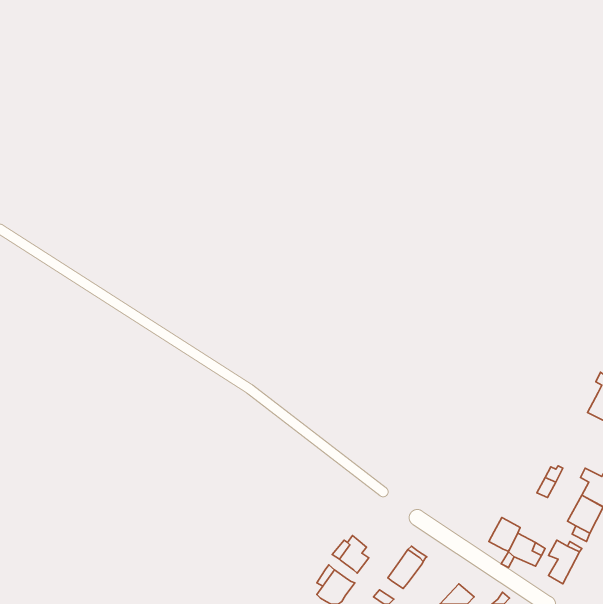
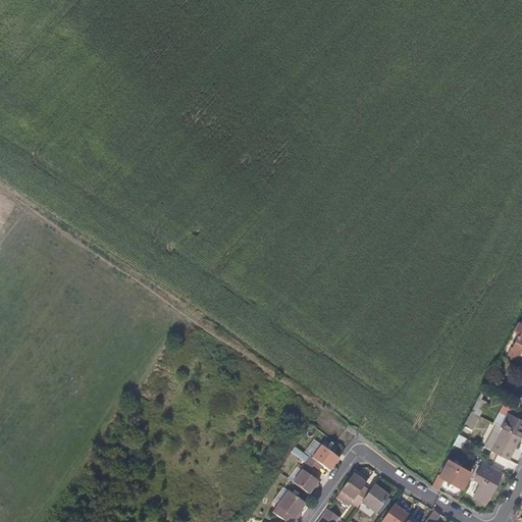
building: none -> [305,446,338,472]
building: [489,517,520,551] -> none
building: none -> [353,484,389,513]

